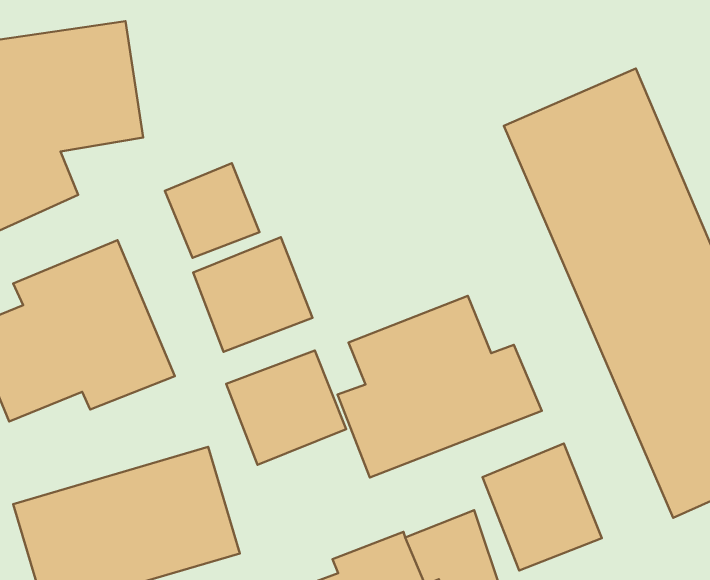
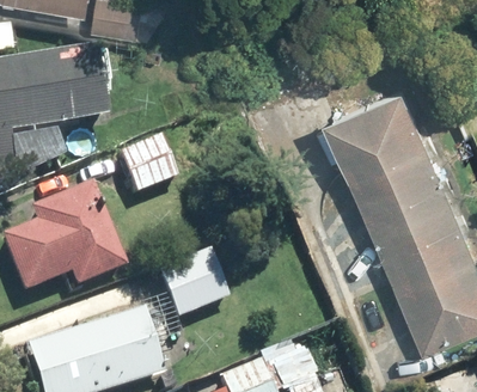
building: [193,237,312,352] -> none
building: [337,296,542,478] -> none
building: [483,443,602,570] -> none

